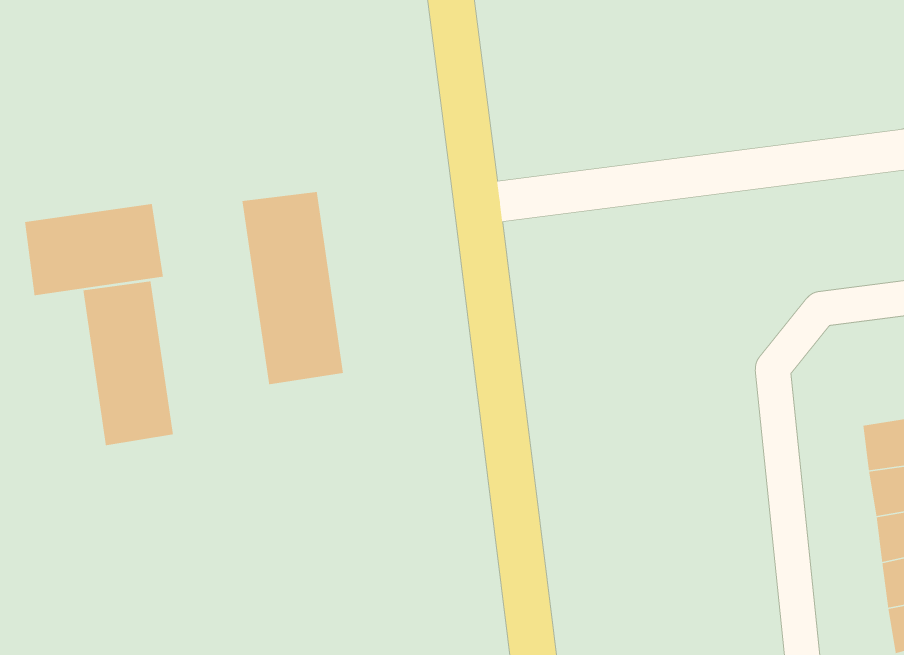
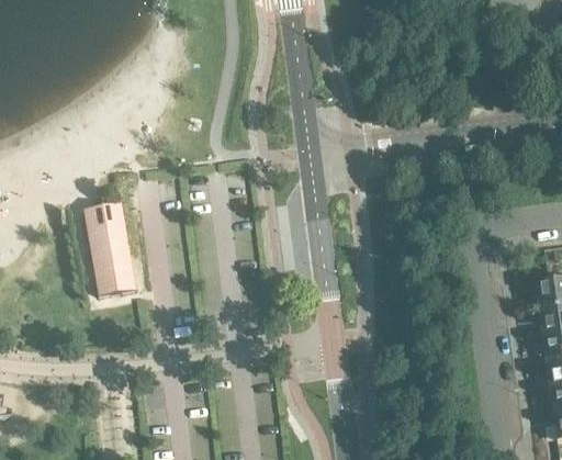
building: [242,191,344,385] -> none
building: [24,203,164,296] -> none

